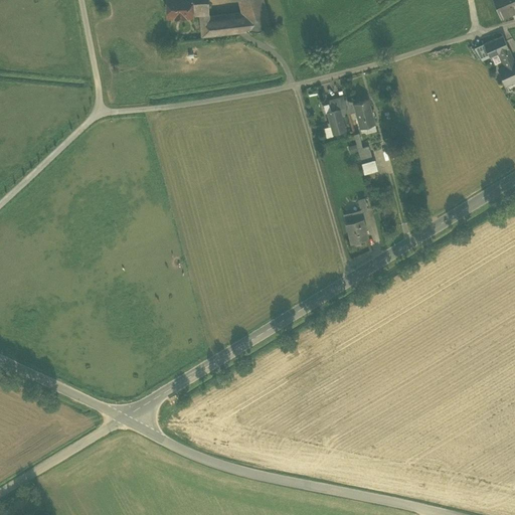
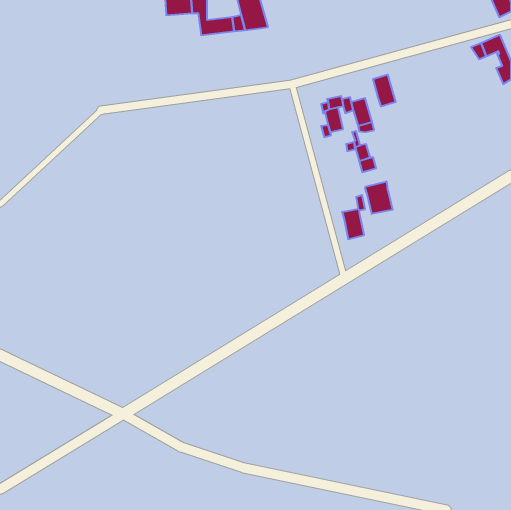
building: none -> [373,75,396,106]
building: none -> [365,181,393,214]

